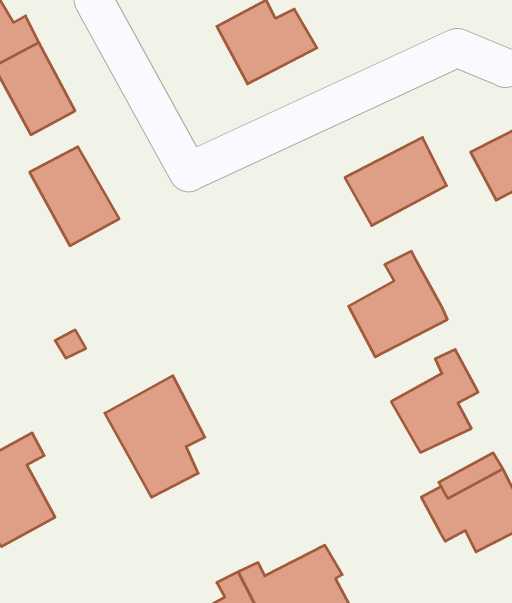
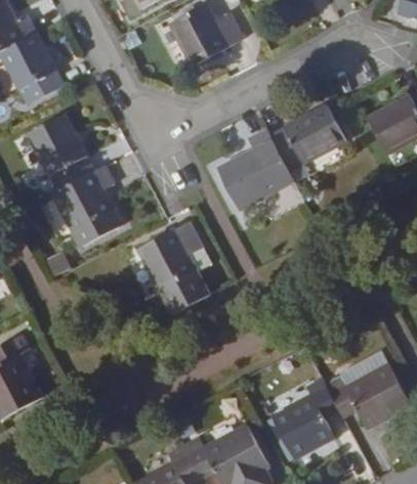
building: none -> [50,163,122,247]
building: [349,251,447,357] -> [216,131,292,212]
building: [391,349,478,452] -> [274,376,340,454]
building: [105,376,205,497] -> [135,220,212,313]

